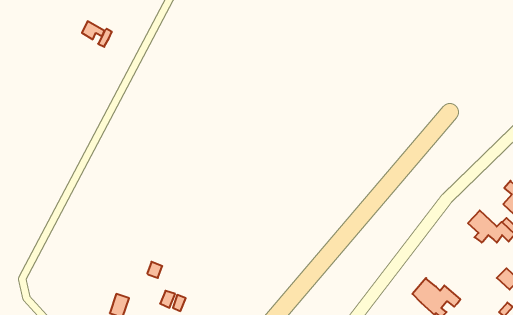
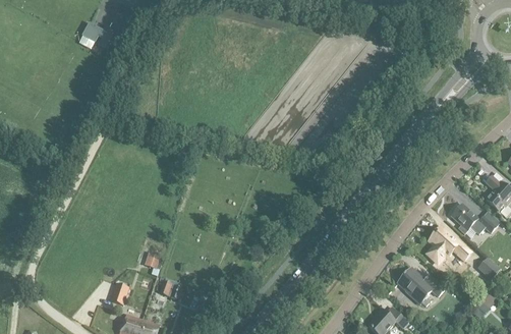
building: none -> [425,226,470,261]

